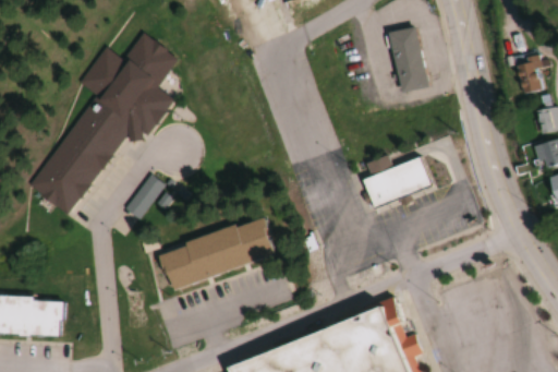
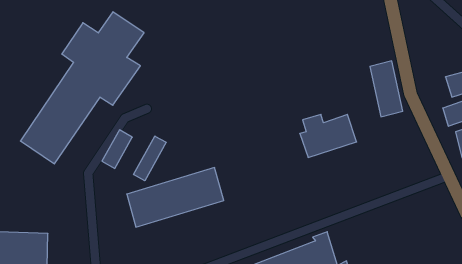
building: [388,26,427,93] -> [370,61,403,117]
building: [517,51,546,94] -> none
building: none -> [134,136,166,181]

